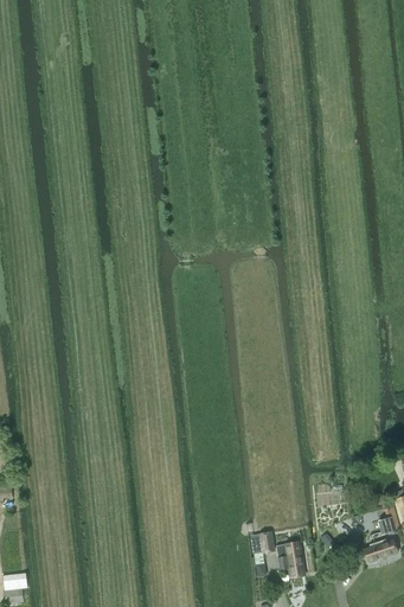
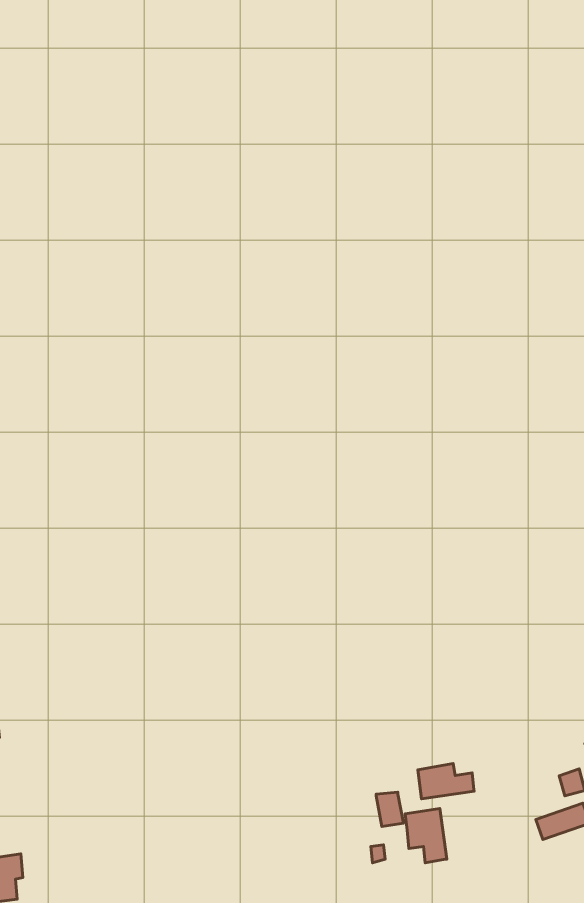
building: none -> [418,764,474,799]

